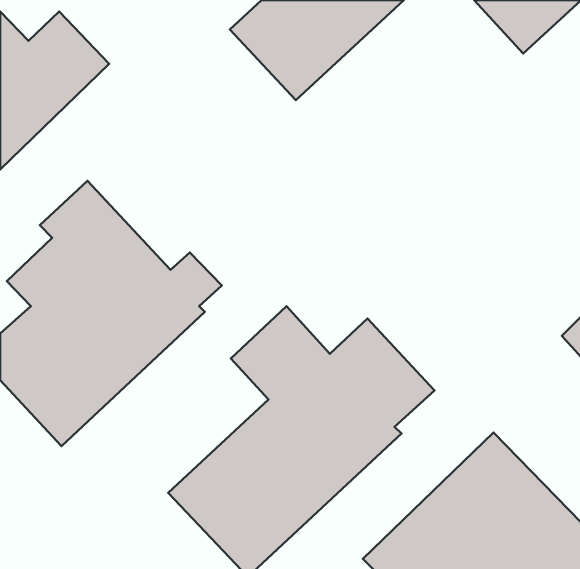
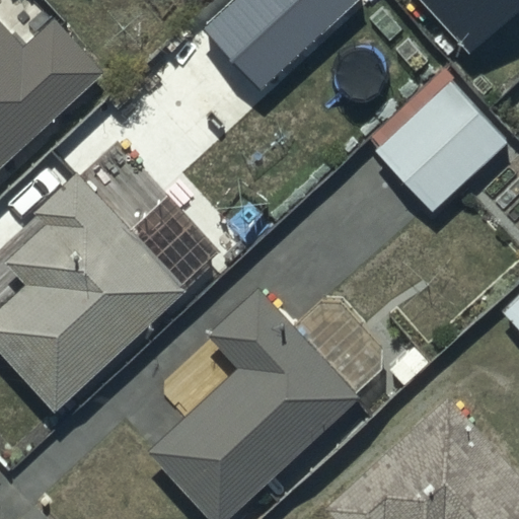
building: none -> [371,77,507,213]

